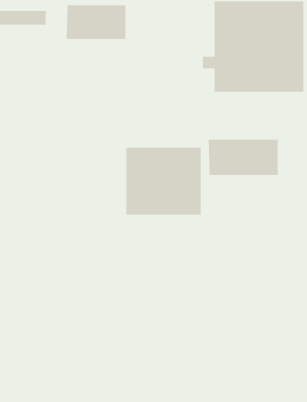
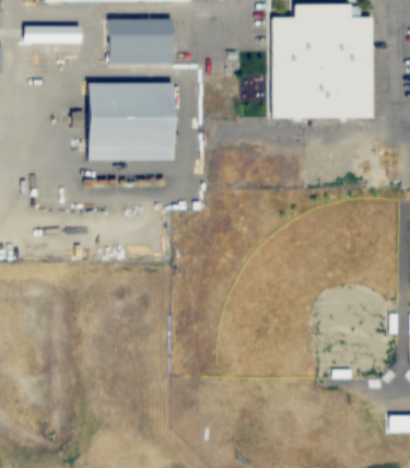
building: [208,139,278,176] -> none
building: [125,147,201,215] -> [89,82,174,159]

